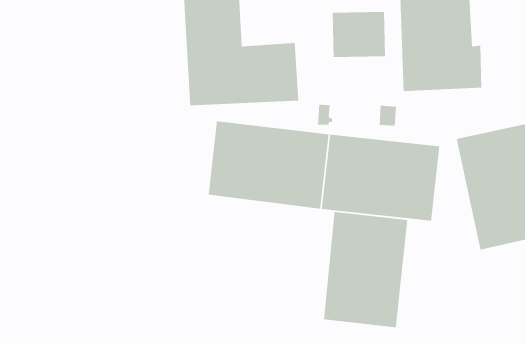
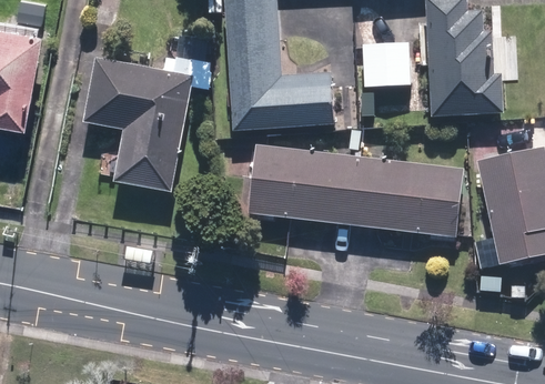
building: none -> [81,53,215,192]
building: [323,211,408,328] -> none

